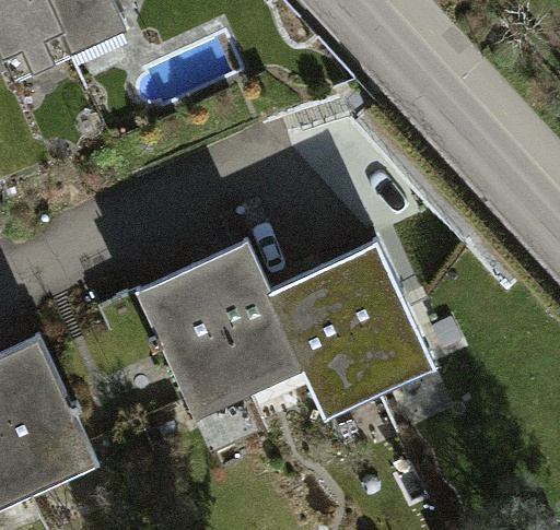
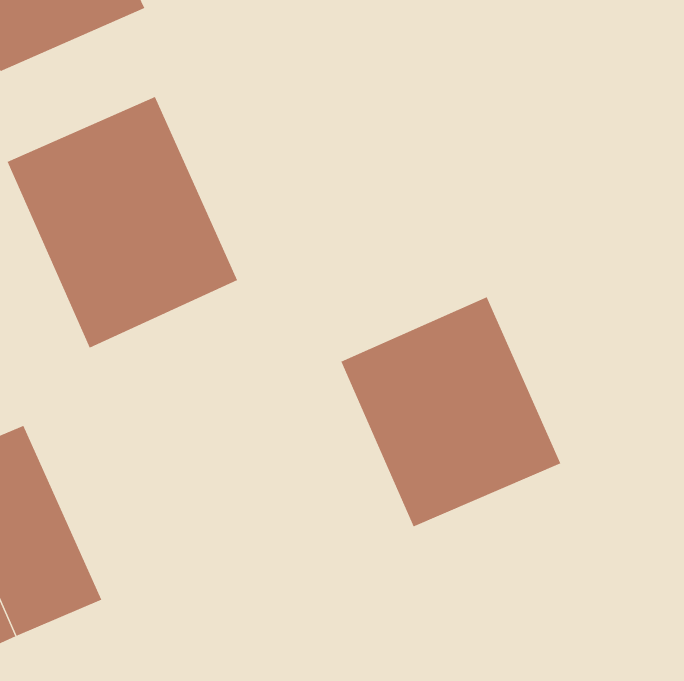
building: none -> [7,96,238,348]
building: [143,248,305,419] -> none

